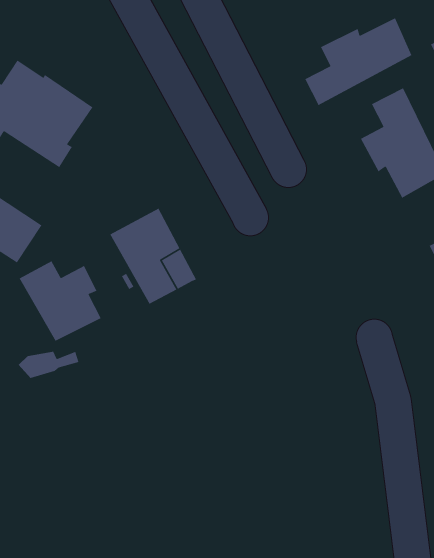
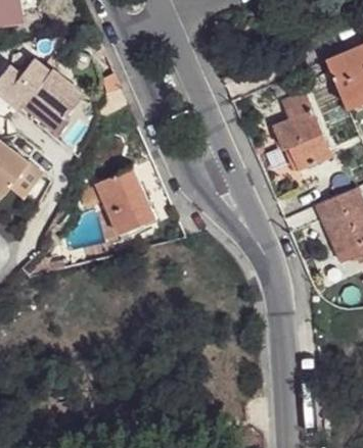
building: [304,17,413,106] -> none
building: [18,260,102,342] -> none

